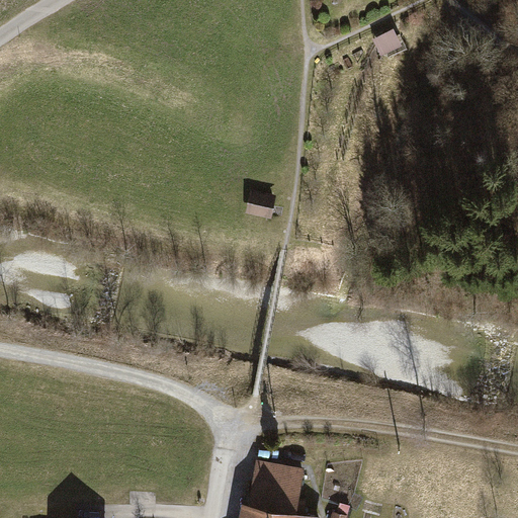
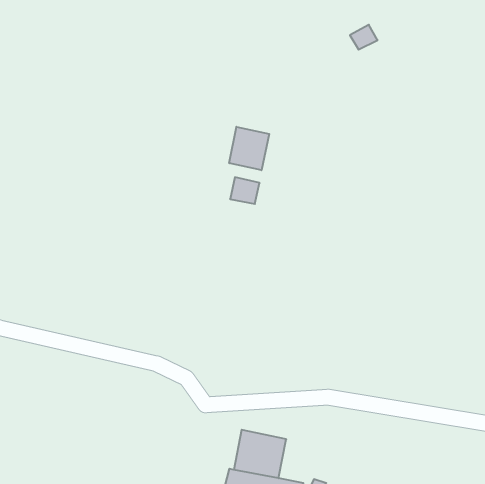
building: none -> [229,127,269,170]

